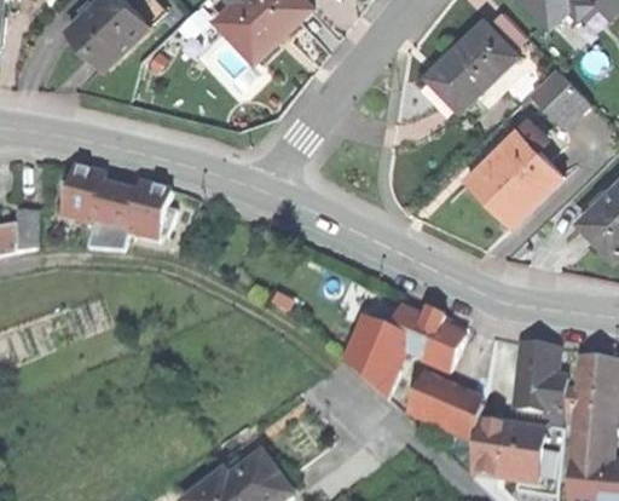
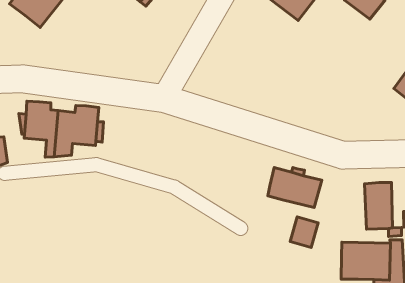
building: [469,120,562,221] -> none
building: [345,318,405,398] -> none
building: [435,391,481,442] -> none

